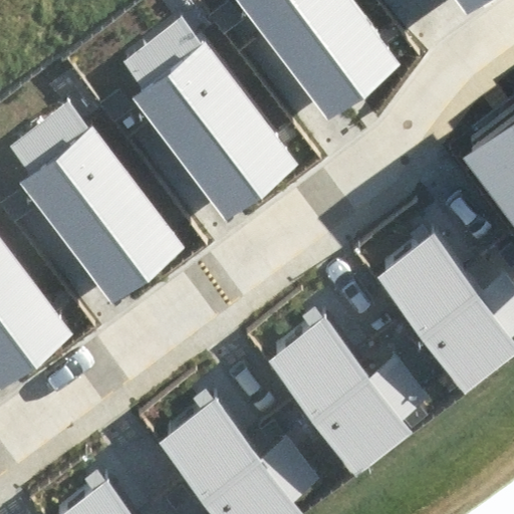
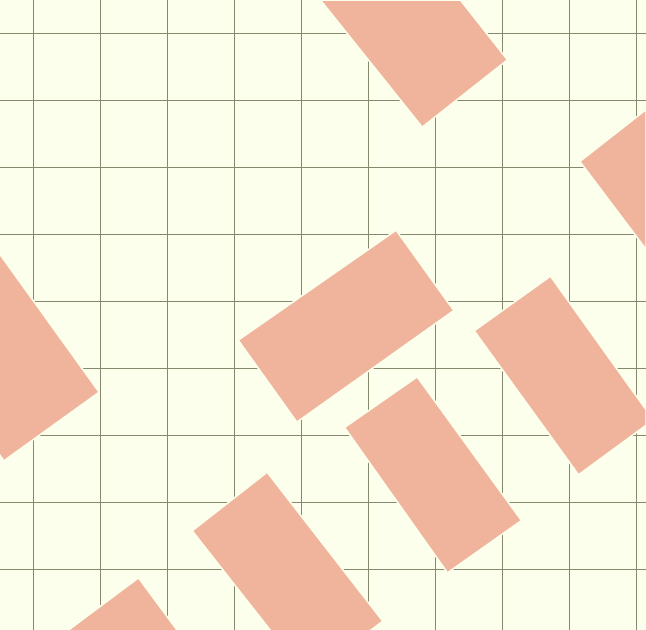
building: [135,41,297,217] -> none
building: [15,126,183,303] -> none
building: none -> [238,230,454,422]

